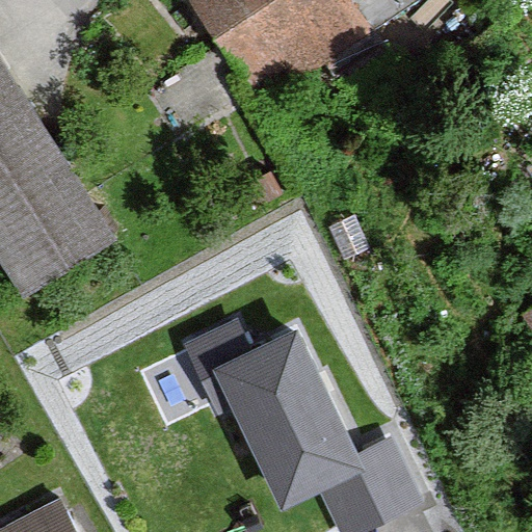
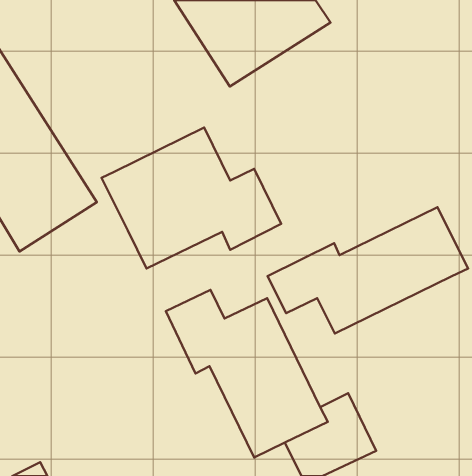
building: none -> [102,128,281,269]
building: none -> [268,207,468,334]

